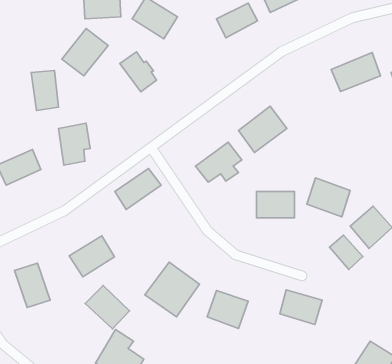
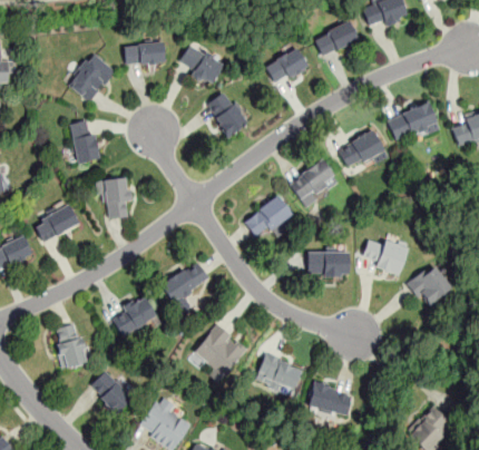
building: [62,29,108,76] -> [67,52,116,102]
building: [120,52,157,92] -> [207,92,246,135]
building: none -> [338,129,387,170]
building: [115,168,161,209] -> [162,261,211,304]
building: [329,235,363,270] -> none
building: [85,286,129,329] -> [89,369,136,414]
building: [280,290,322,324] -> [309,381,353,418]

